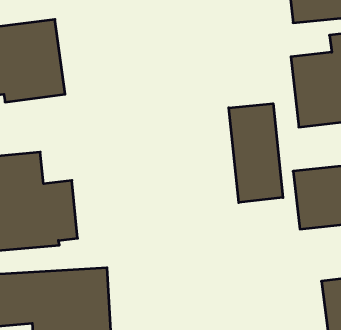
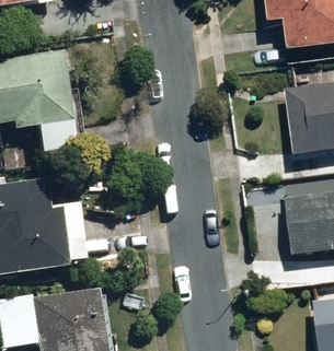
building: [229,104,283,203] -> none

